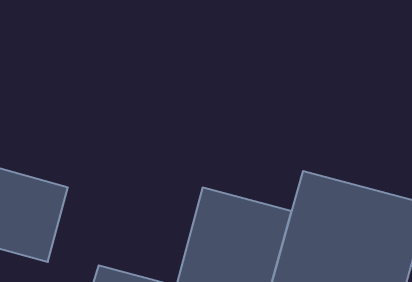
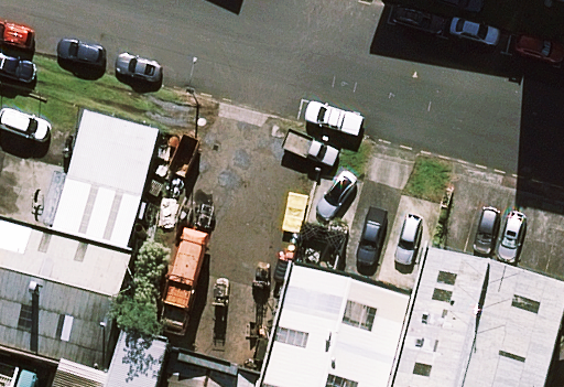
building: none -> [53,109,155,243]

